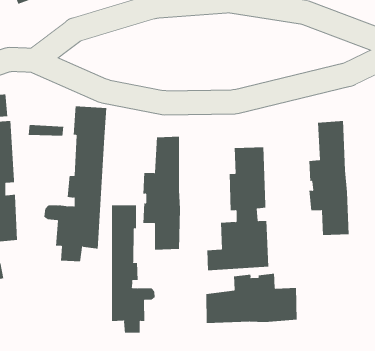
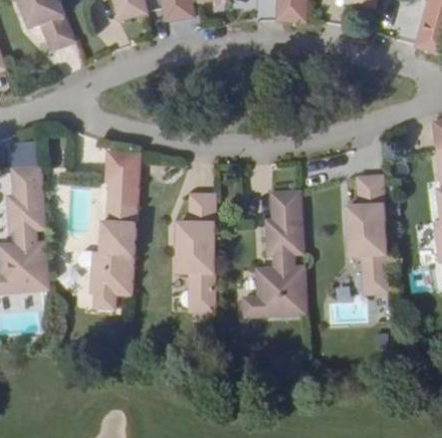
building: [111,205,155,334] -> none
building: [206,273,297,324] -> none

